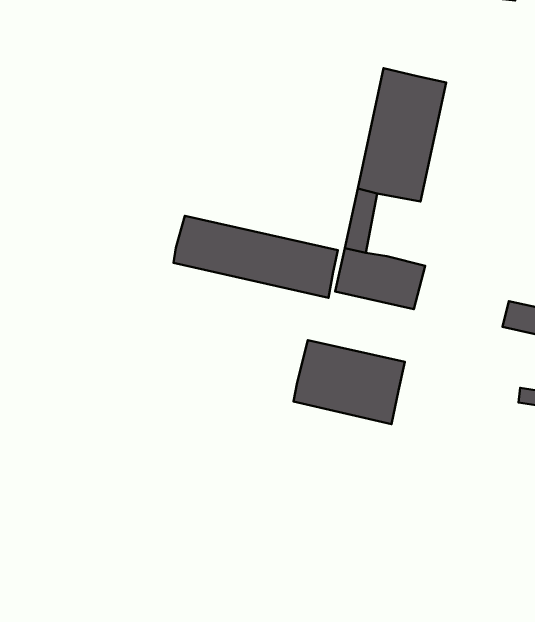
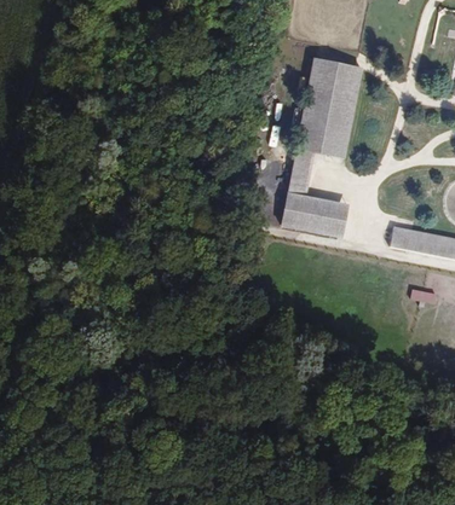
building: [174,216,338,298] -> none
building: [293,340,405,424] -> none

